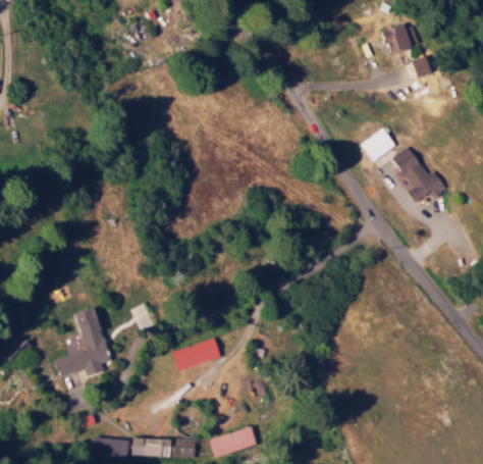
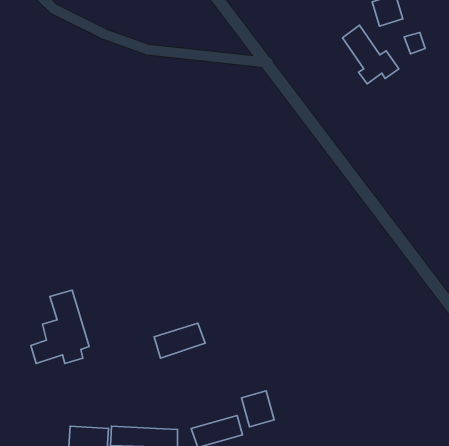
building: [360,128,395,162] -> none
building: [391,147,445,203] -> [343,25,399,84]
building: none -> [242,391,274,427]

